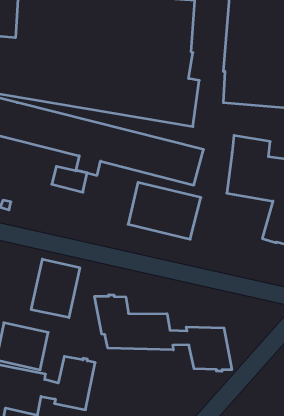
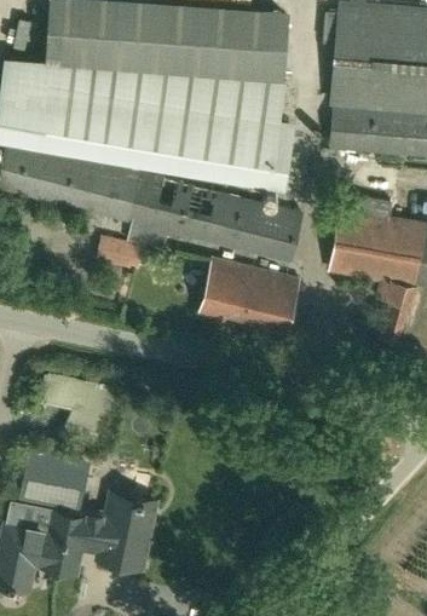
building: [31,259,80,318] -> none
building: [95,295,232,371] -> none

